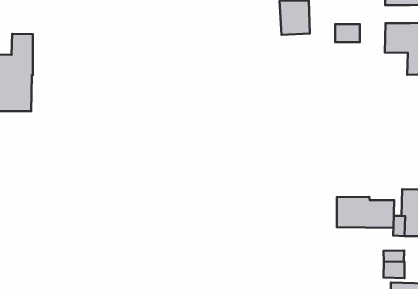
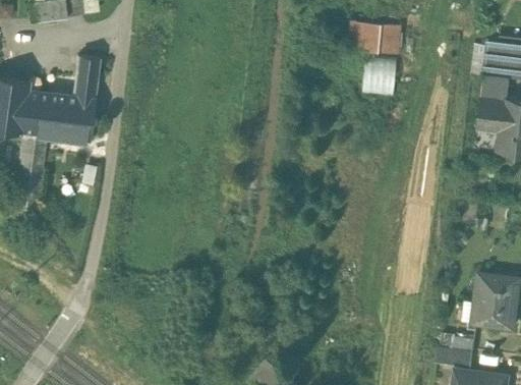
building: [335,24,360,42] -> [480,72,509,95]
building: [337,197,394,228] -> none

